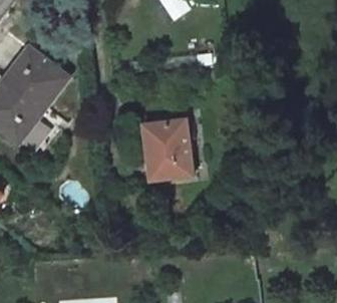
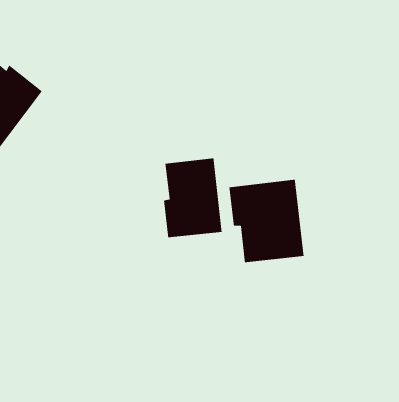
building: none -> [229,179,304,263]

